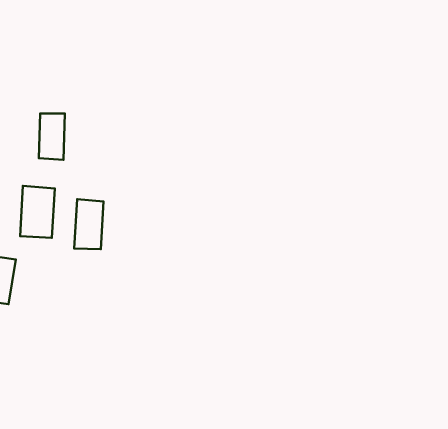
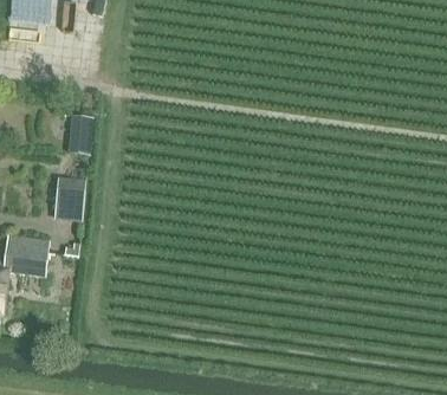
building: [74,199,103,249] -> none

